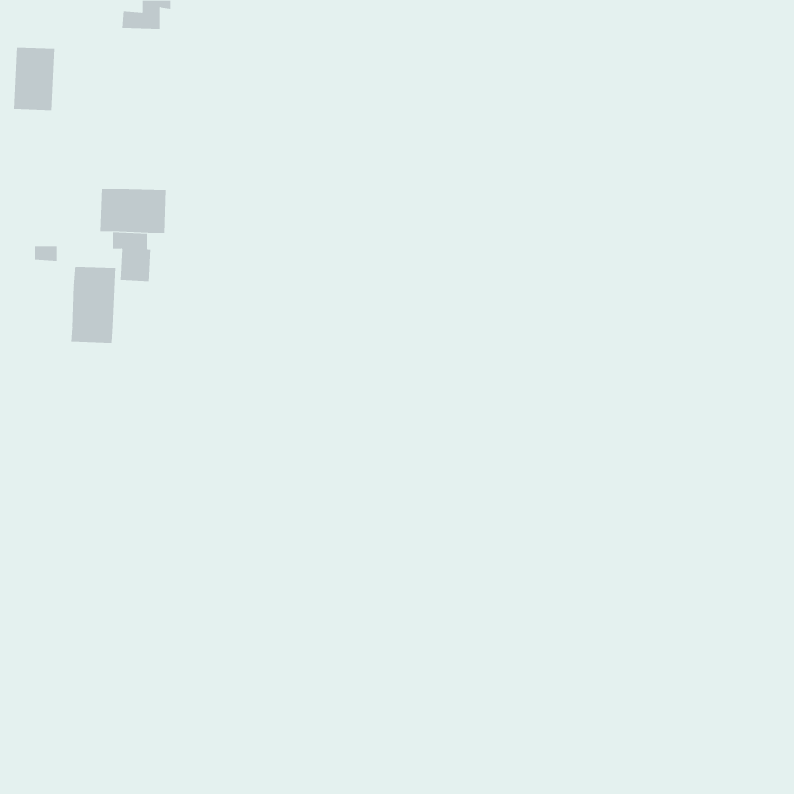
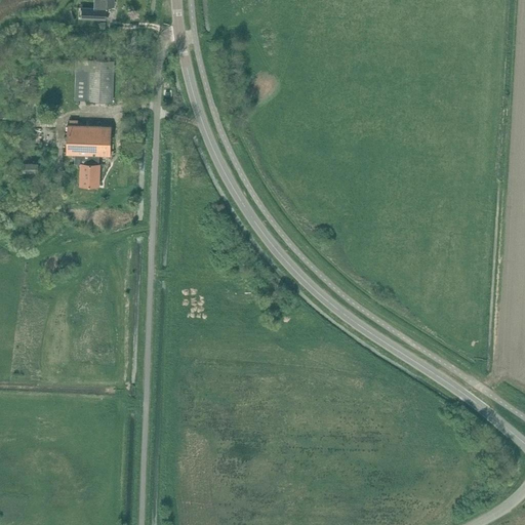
building: [13,47,55,111] -> [86,60,114,103]
building: [71,266,116,344] -> none

